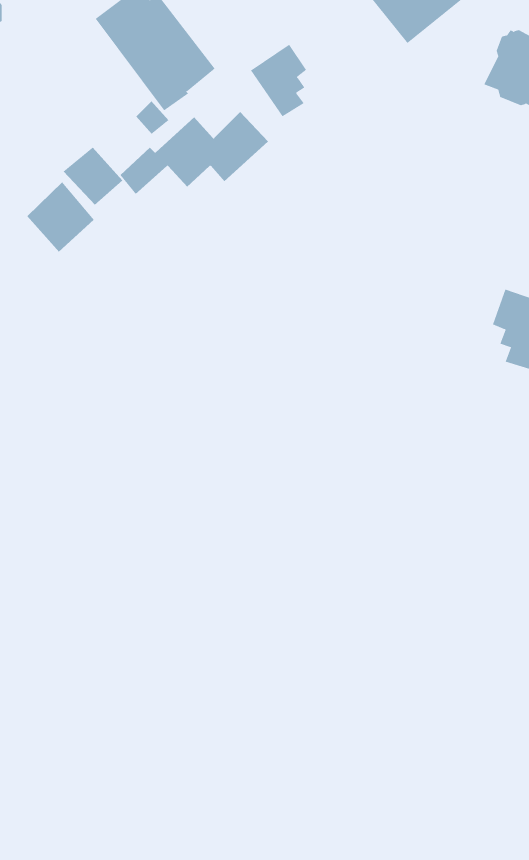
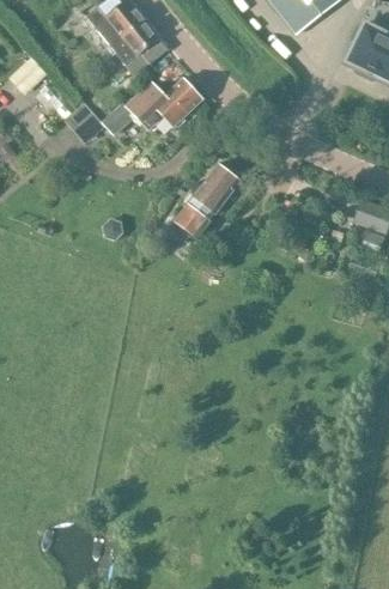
building: [250,44,307,117] -> none
building: [26,181,94,252] -> none
building: none -> [174,163,241,238]

